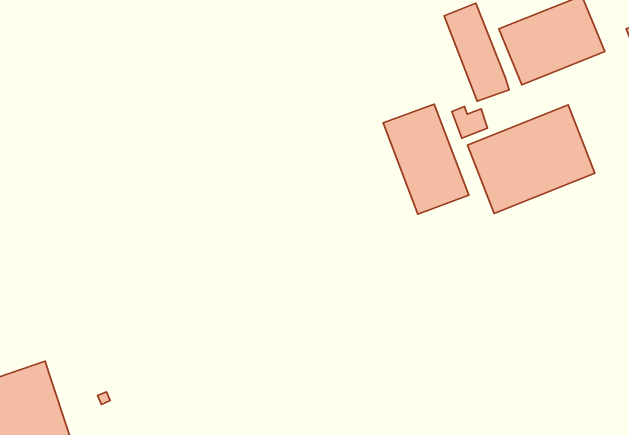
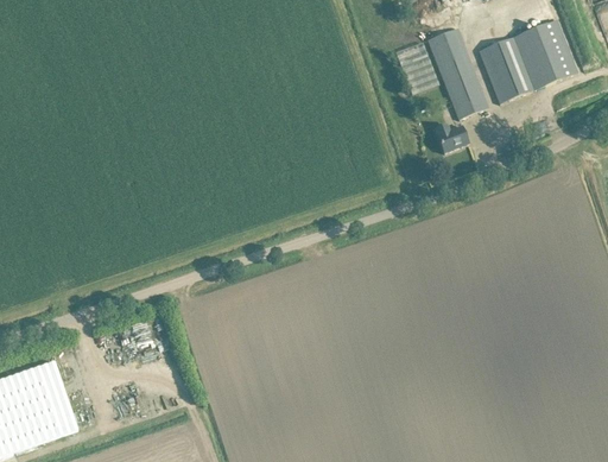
building: [383,104,469,214] -> none
building: [467,105,595,213] -> none

